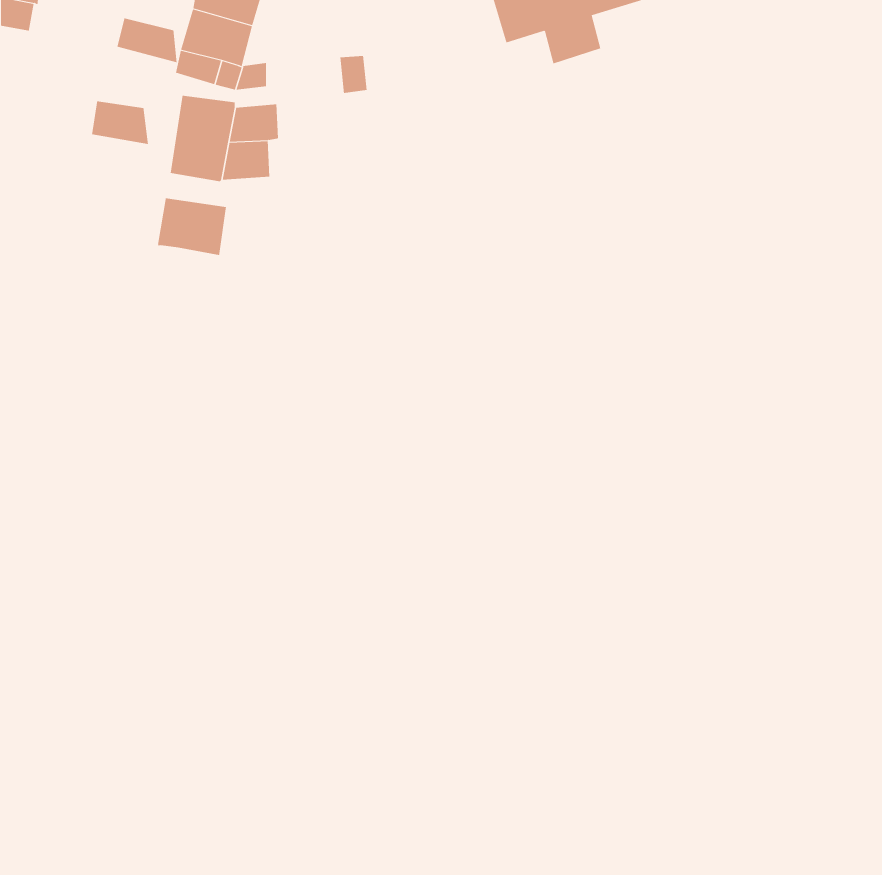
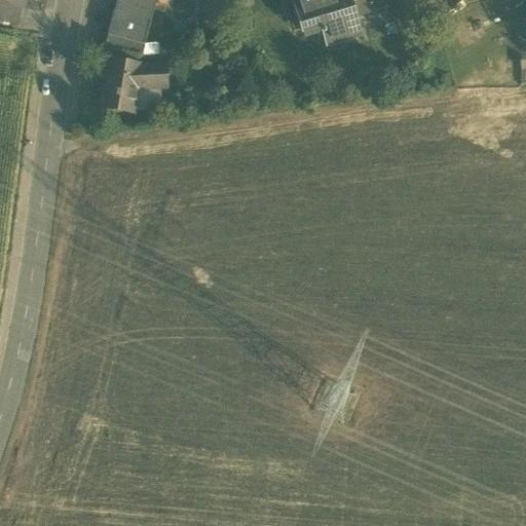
building: [117,17,177,63] -> none
building: [92,100,148,145] -> none
building: [157,198,227,256] -> none

